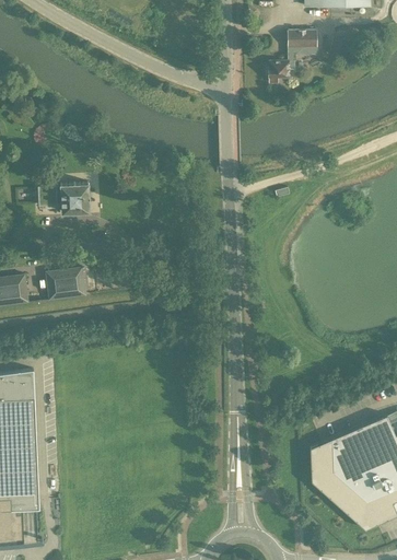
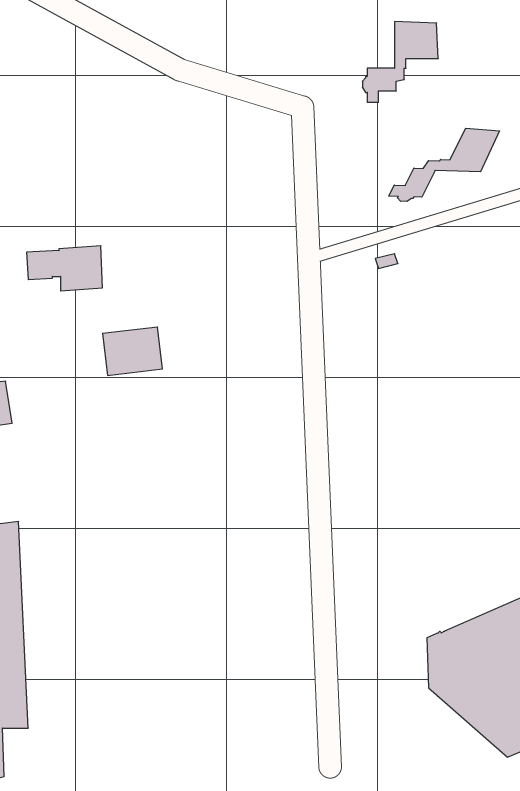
building: none -> [389,128,499,201]
building: [45,266,85,299] -> [103,327,162,375]

